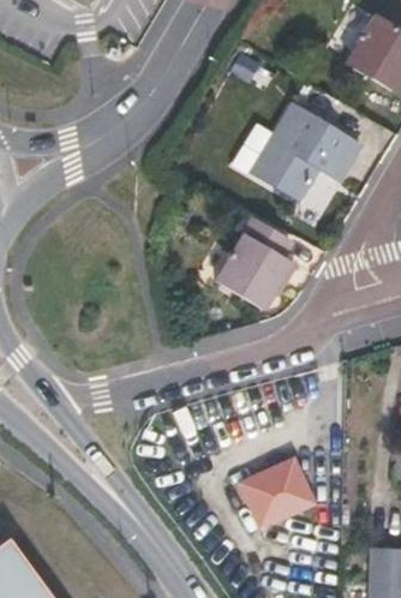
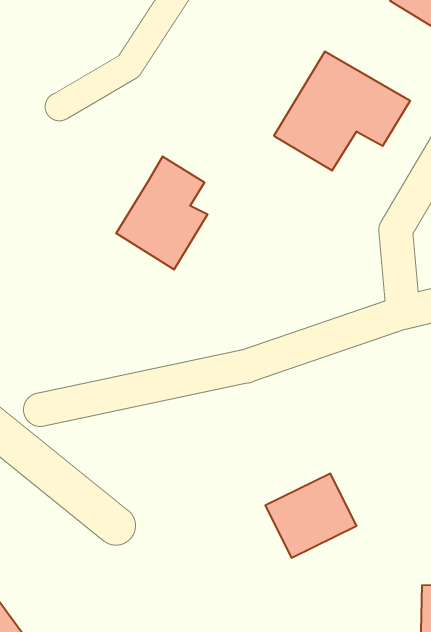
building: [216,215,292,309] -> [116,156,208,270]

